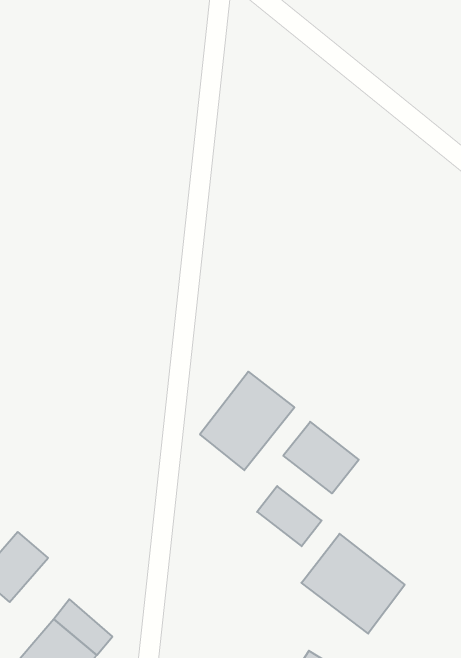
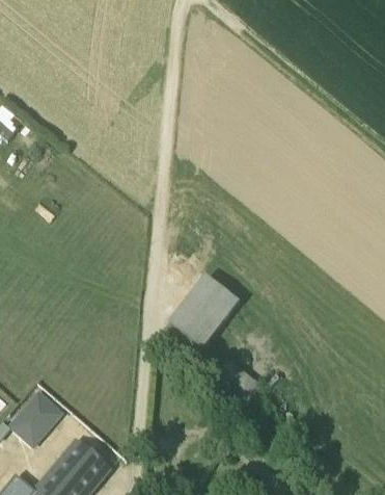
building: [283,422,359,493] -> none
building: [301,534,405,634] -> none

